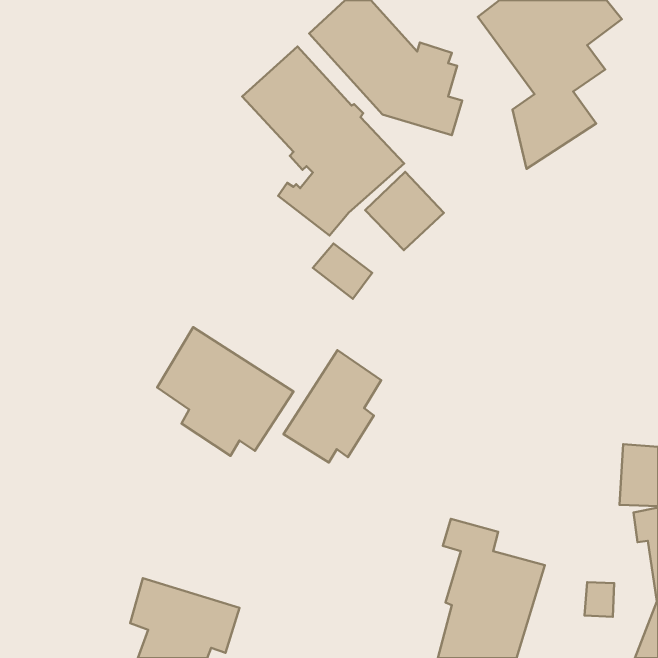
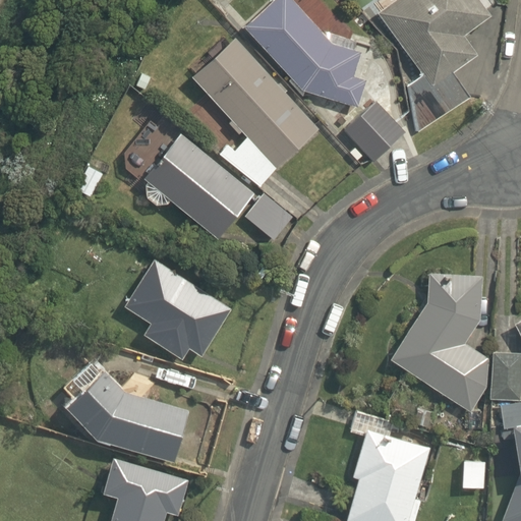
building: none -> [143,133,254,238]
building: [365,172,444,250] -> [344,100,406,162]
building: none -> [391,273,488,412]
building: [284,350,381,463] -> none
building: none -> [63,361,189,462]

